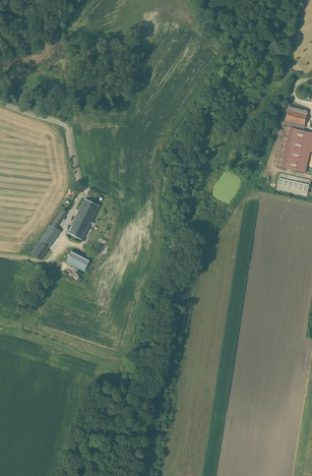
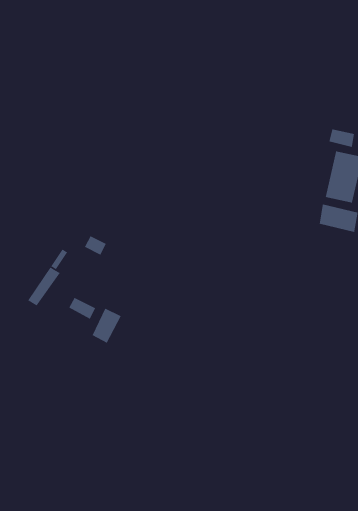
building: [67,210,92,240] -> [91,307,122,344]

